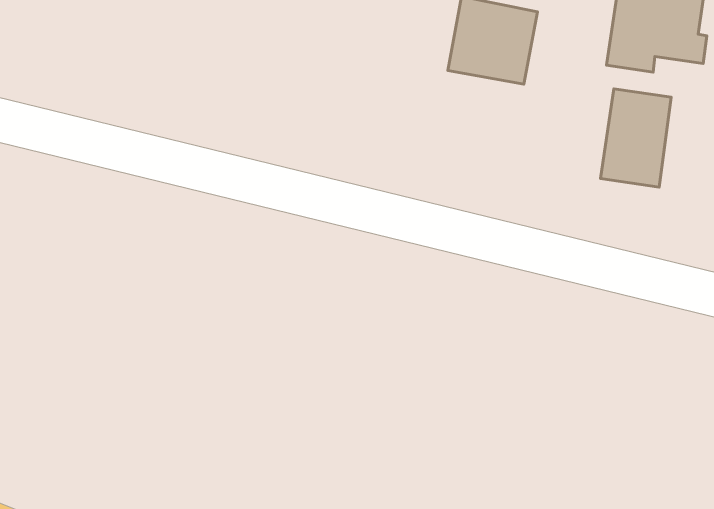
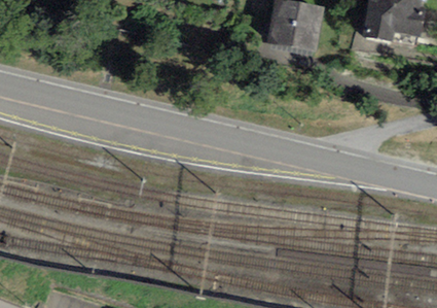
building: [600,89,671,187] -> none

